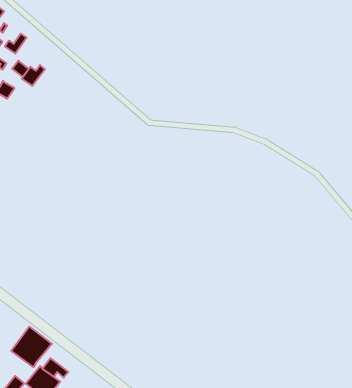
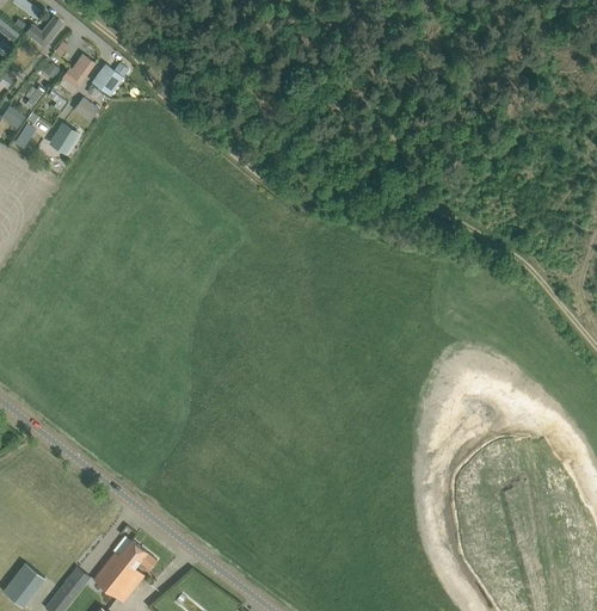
building: [22,65,45,86] -> [92,62,127,93]
building: [11,327,52,367] -> none

